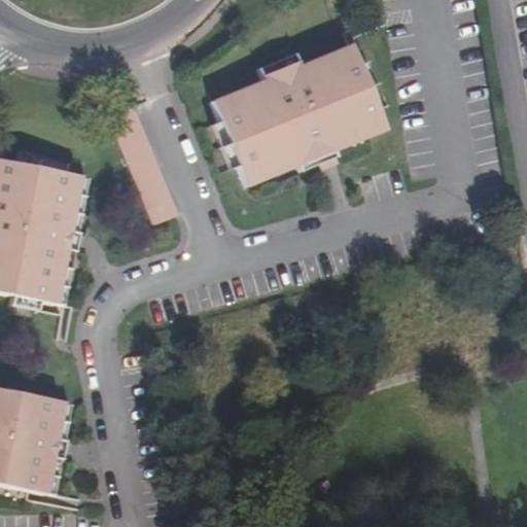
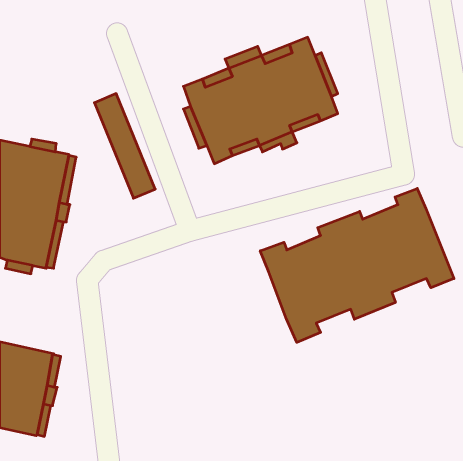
building: none -> [260,188,454,342]

